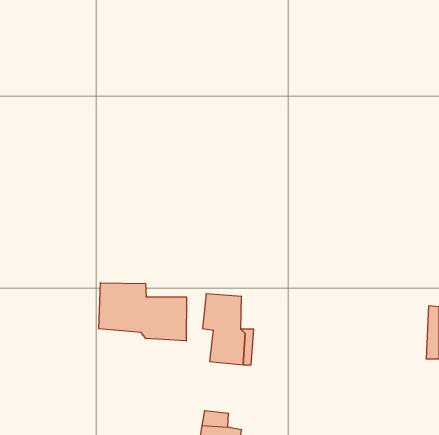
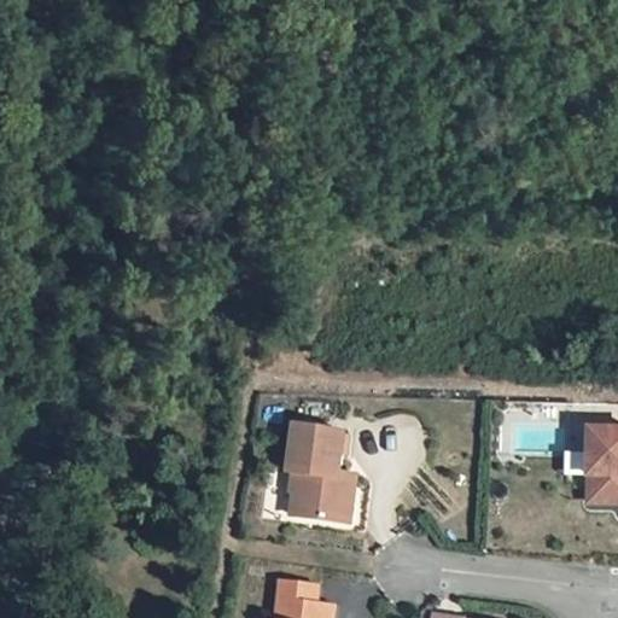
building: [99,283,187,341] -> none

